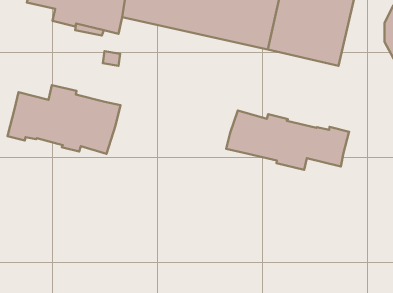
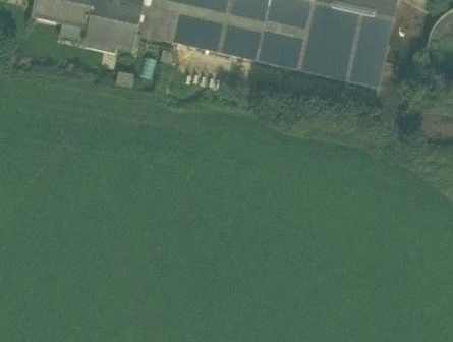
building: [7,85,121,154] -> none
building: [226,111,349,170] -> none

